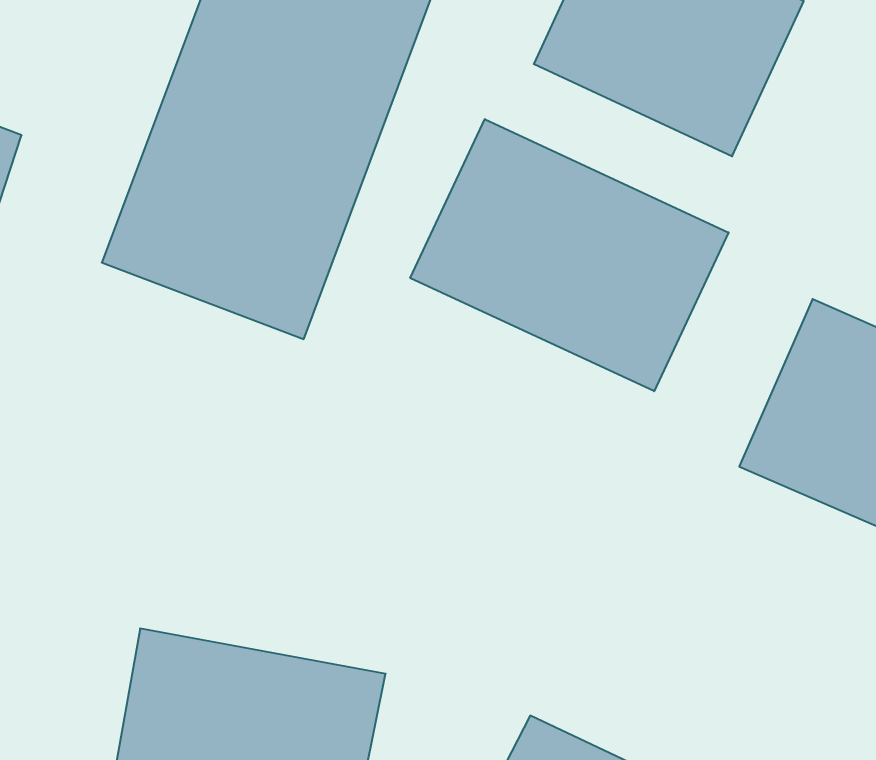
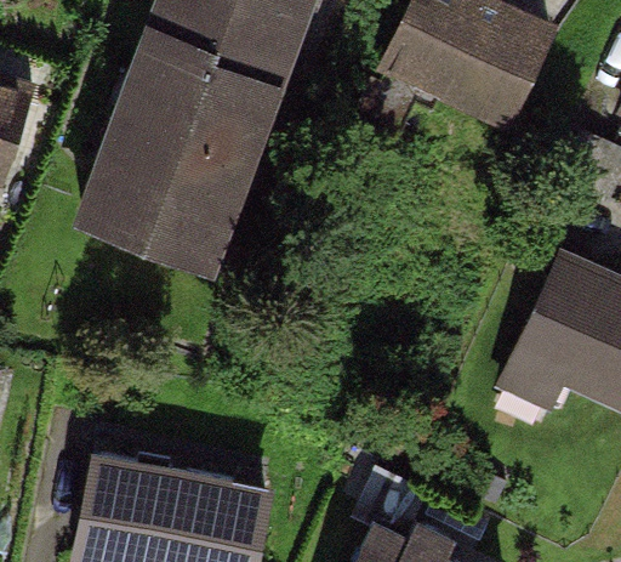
building: [410,119,729,391] -> none

